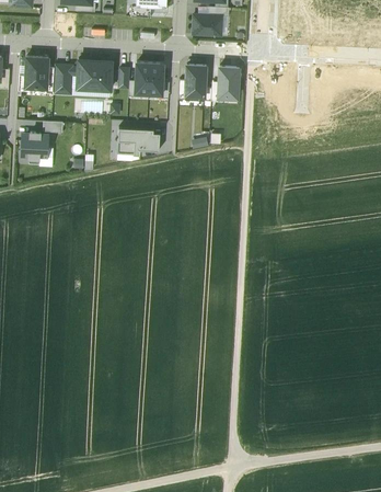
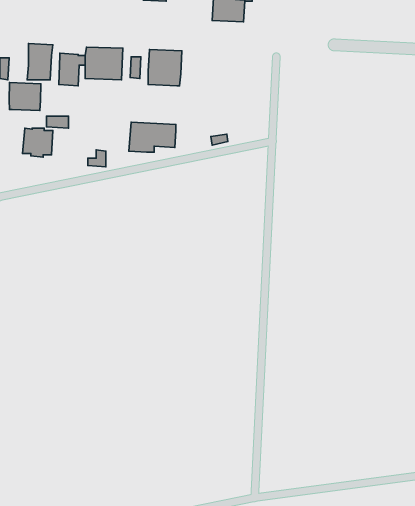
building: [185,65,207,101] -> none
building: [218,67,239,98] -> none
building: none -> [9,83,41,111]

